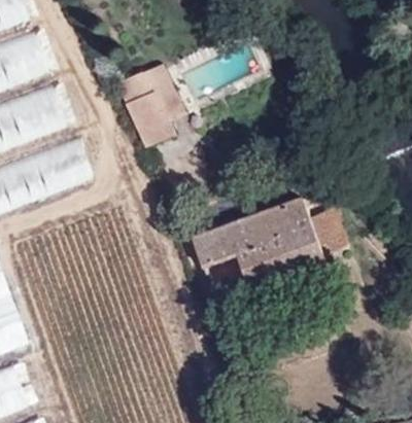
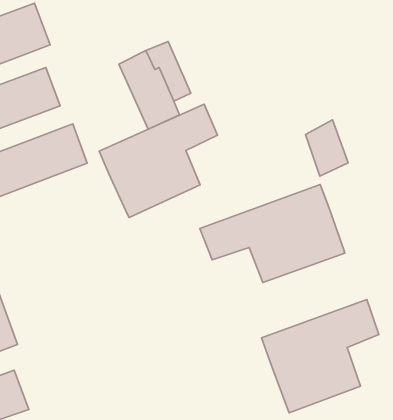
building: none -> [99,104,217,218]
building: [311,205,350,256] -> [305,120,348,176]
building: none -> [262,299,379,413]

